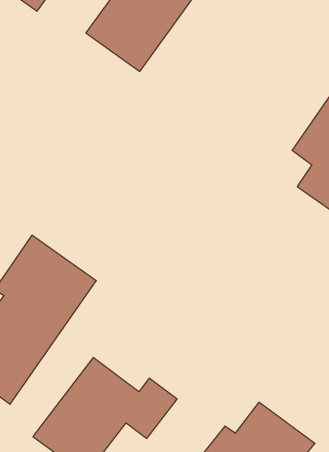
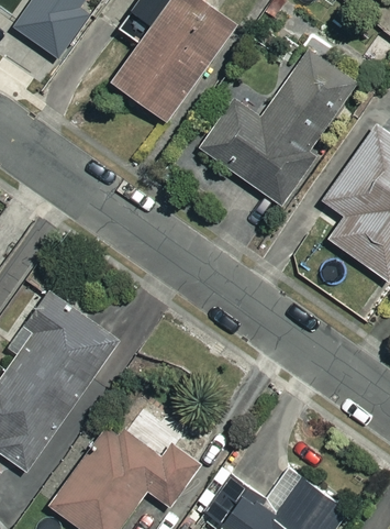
building: none -> [200,52,356,236]

